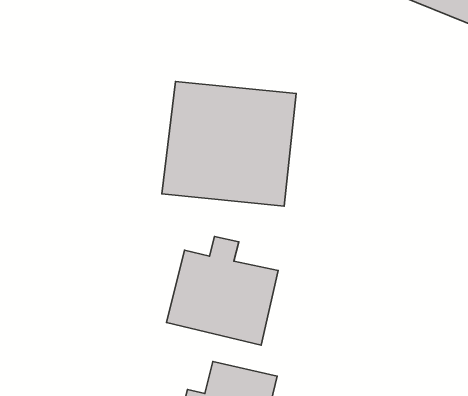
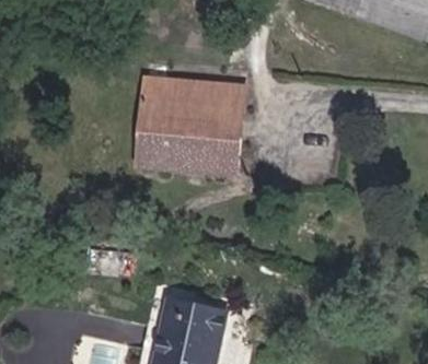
building: [166,236,278,345] -> none

